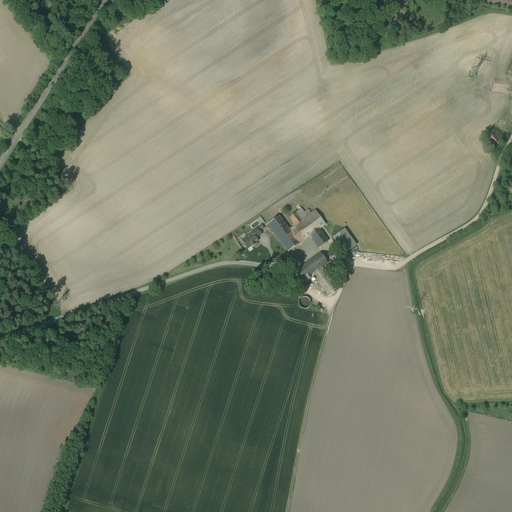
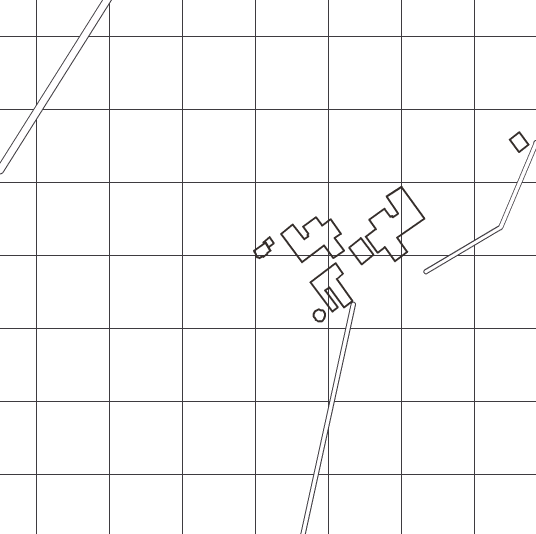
building: none -> [366,187,424,261]

